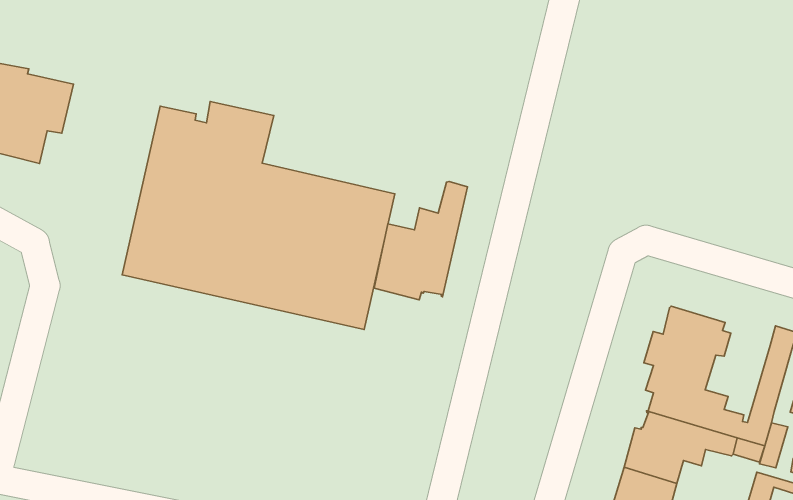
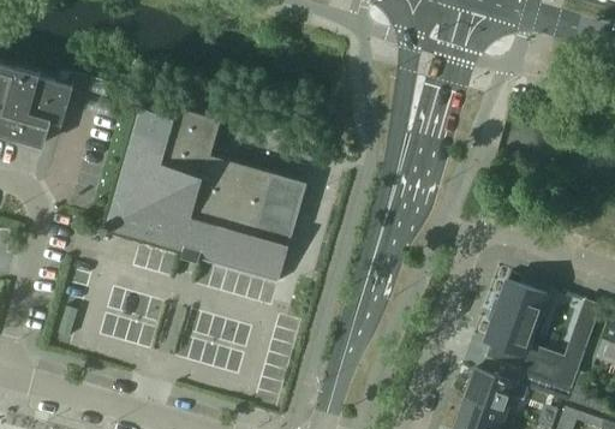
building: [374,181,468,300] -> none

